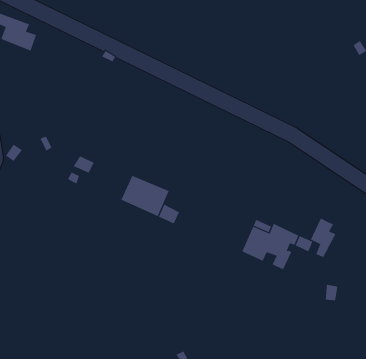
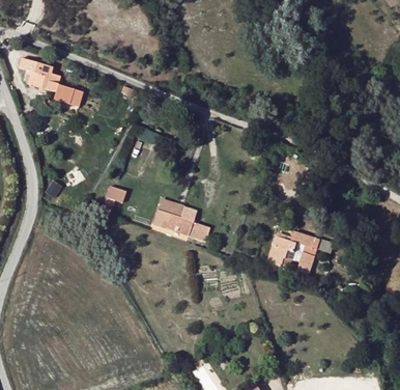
building: none -> [54,85,84,108]
building: [310,217,336,258] -> none

